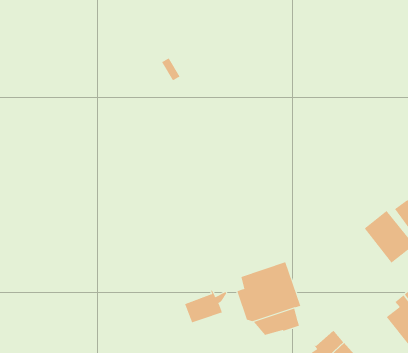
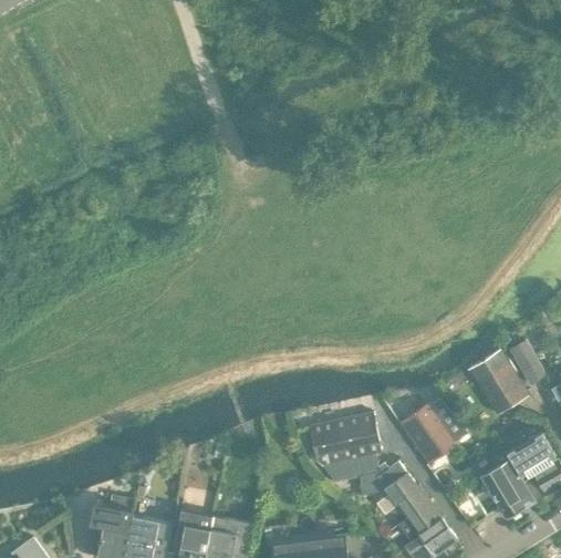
building: none -> [403,397,466,463]
building: [184,290,232,323] -> none
building: none -> [357,463,417,502]

